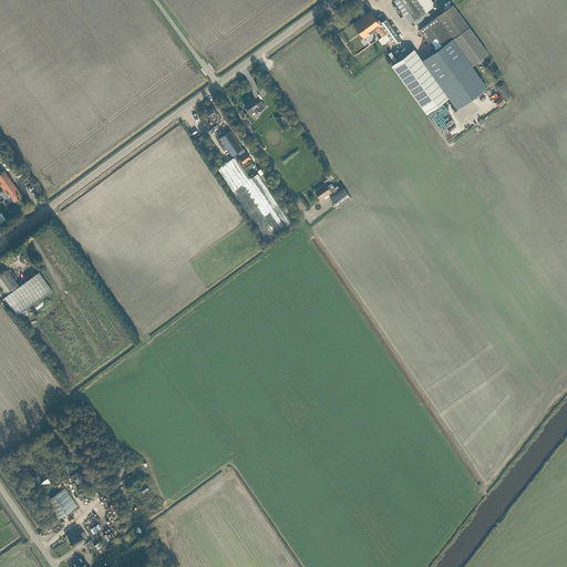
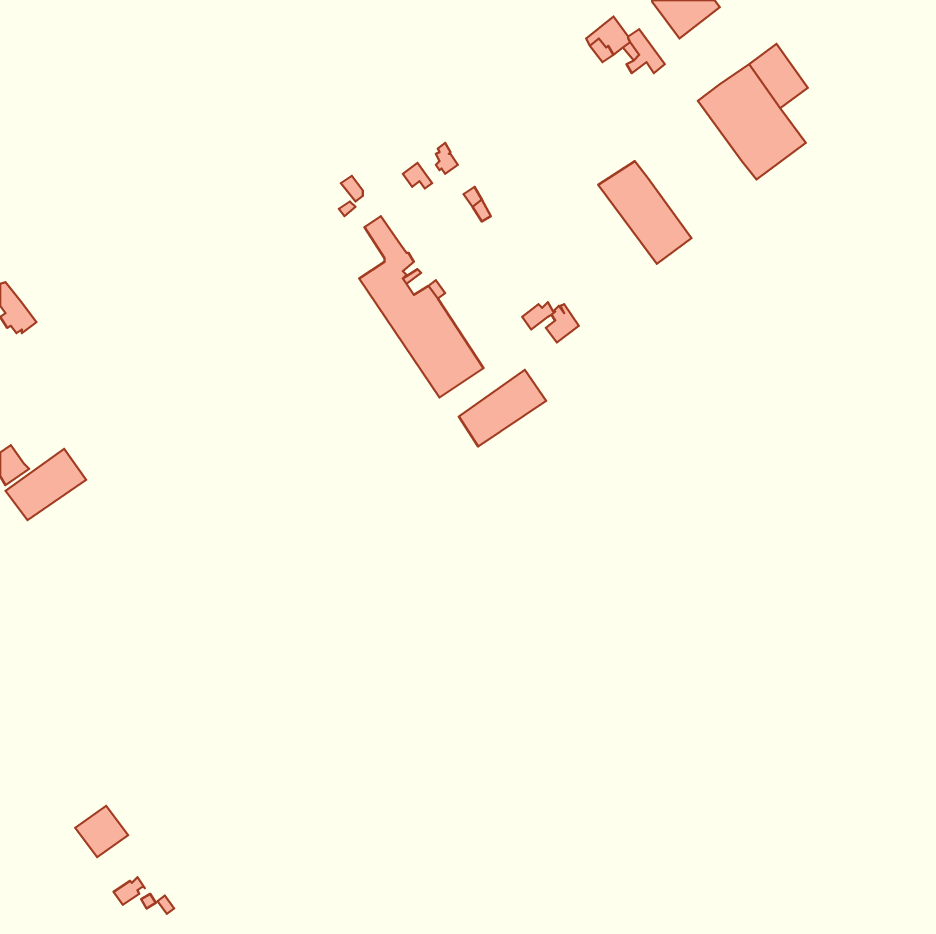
building: [420,6,470,52] -> none
building: [392,52,449,114] -> [598,161,692,264]
building: none -> [459,370,546,447]

